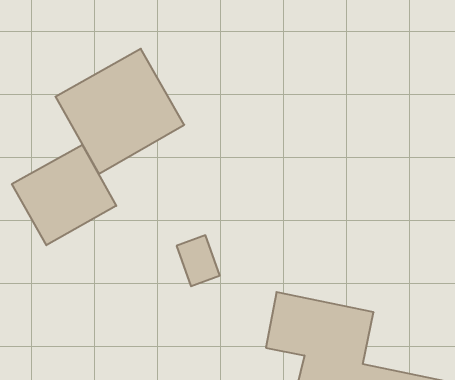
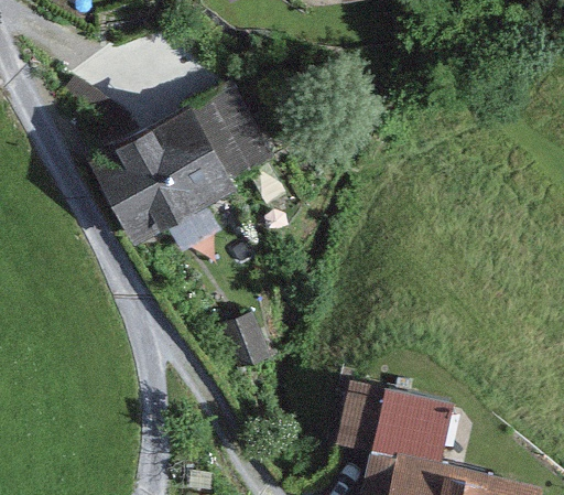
building: [12,145,116,245] -> none

